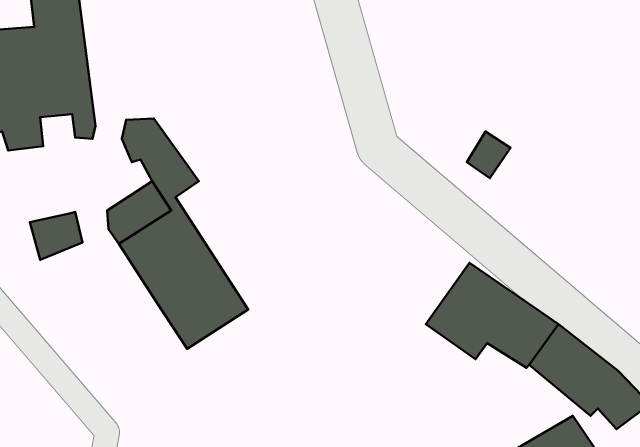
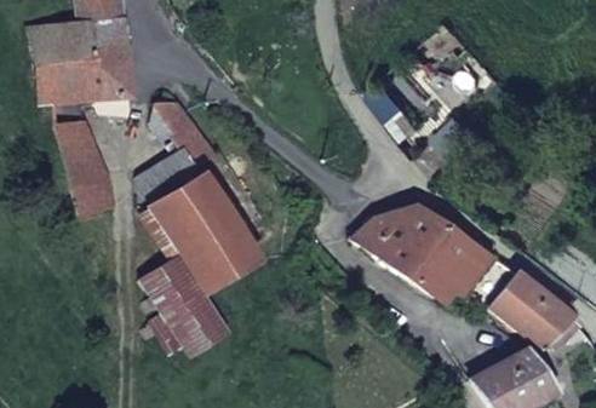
building: none -> [57,123,109,186]
building: none -> [356,203,441,271]
building: none -> [142,253,227,354]

